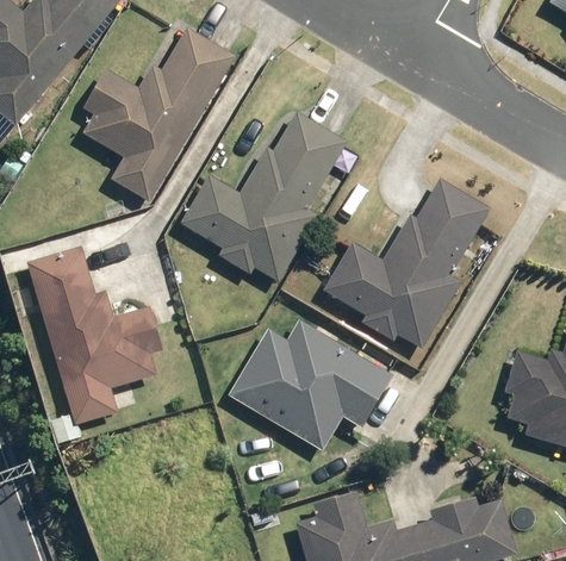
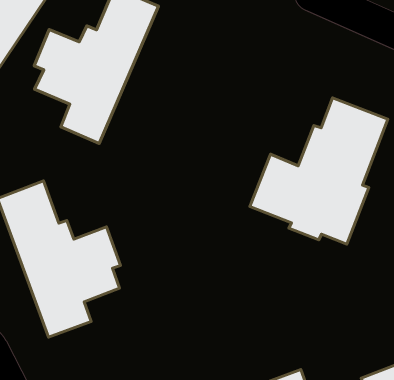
building: [179,105,347,286] -> none
building: [228,317,393,453] -> none

